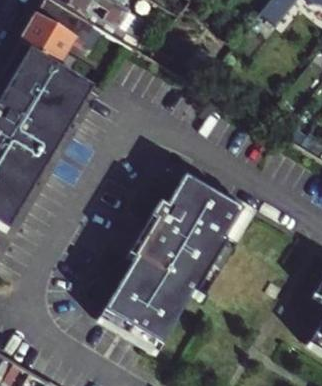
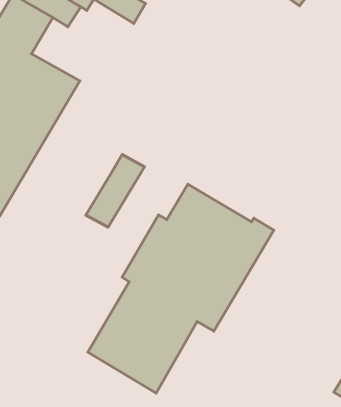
building: none -> [86,155,144,227]

